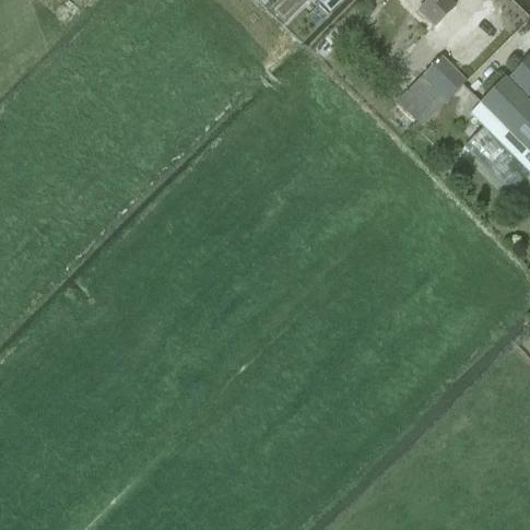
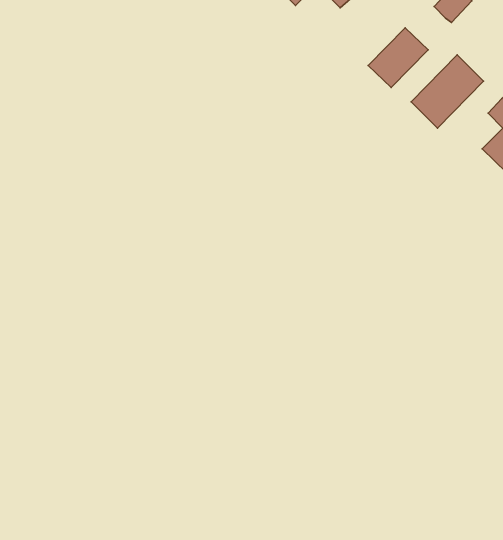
building: none -> [368,28,428,88]

